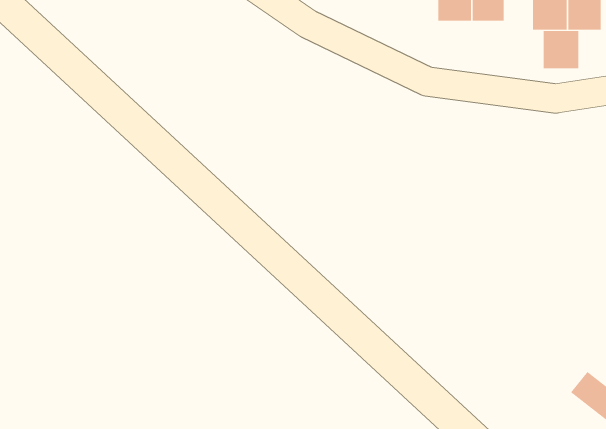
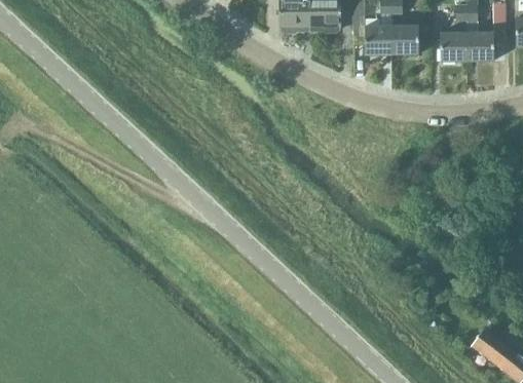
building: [543,30,579,69] -> none

